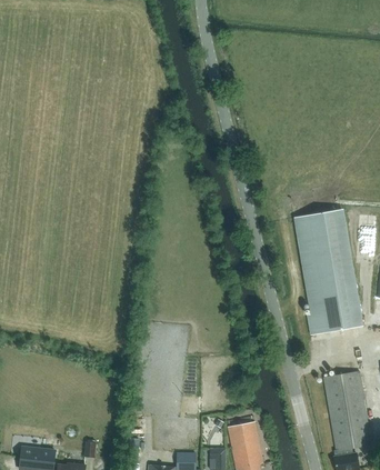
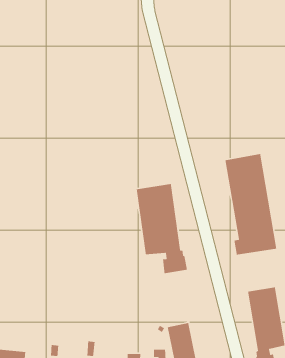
building: none -> [136,183,188,274]

